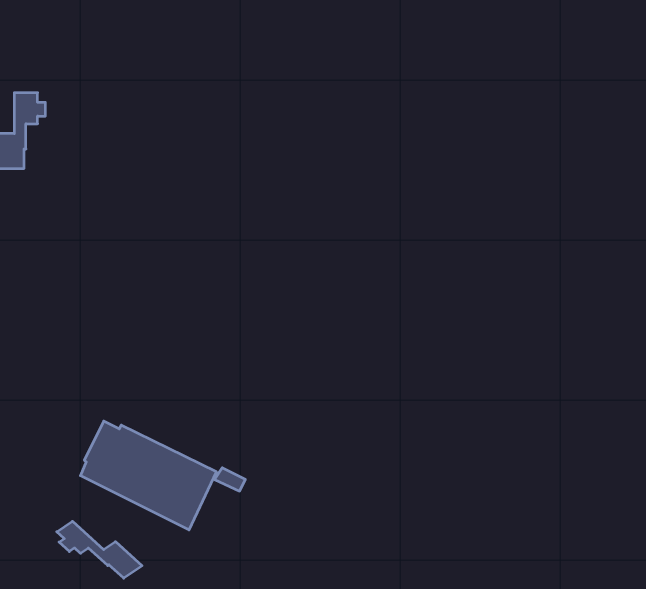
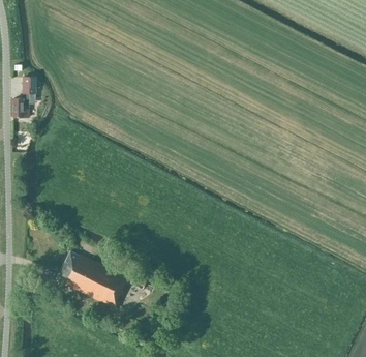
building: [57,521,142,578] -> none

